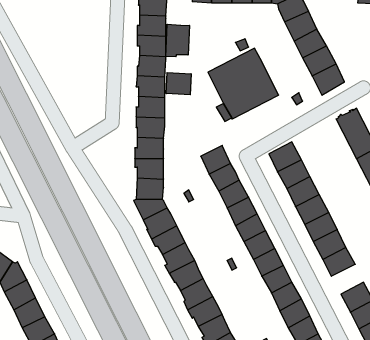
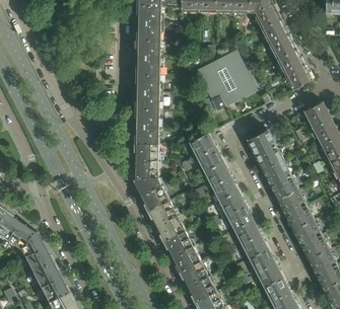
building: [166,24,189,57] -> none
building: [166,73,191,95] -> none
building: none -> [301,233,329,258]

